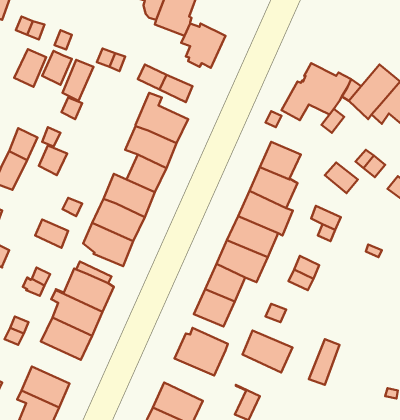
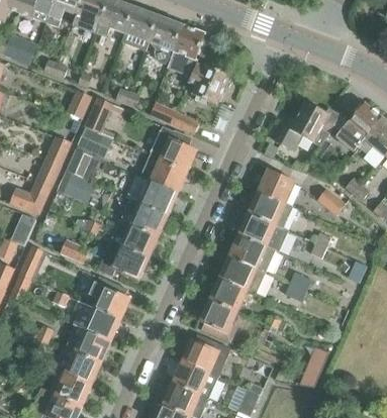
building: [14,49,46,87] -> [44,132,73,166]
building: [242,330,293,373] -> [174,361,218,399]
building: none -> [53,345,100,384]

